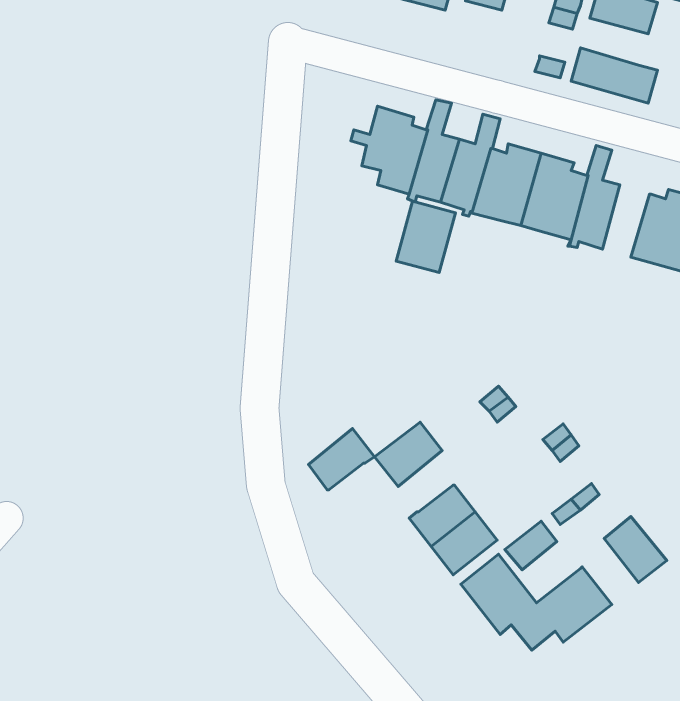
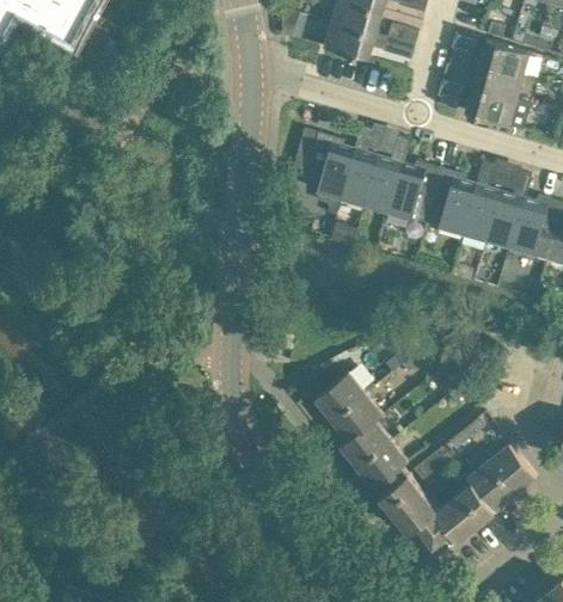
building: none -> [470,67,521,103]
building: none -> [486,174,530,252]
building: [396,201,455,273] -> none
building: [308,428,374,490] -> [331,395,381,442]
building: none -> [466,462,514,512]

